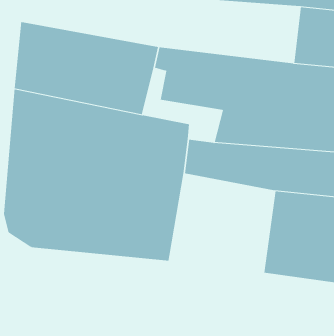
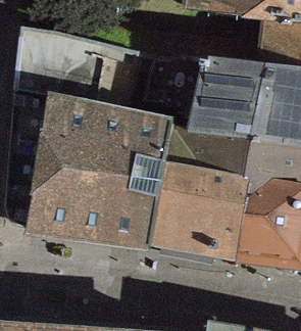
building: none -> [154,164,247,252]

